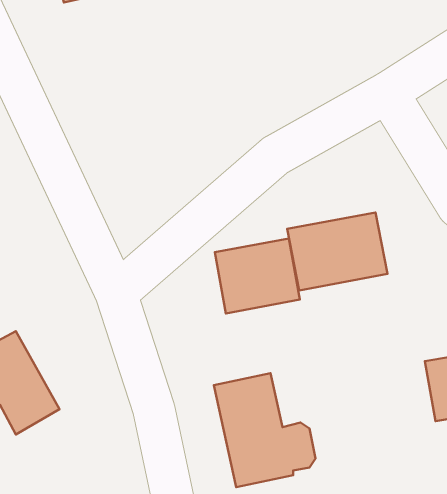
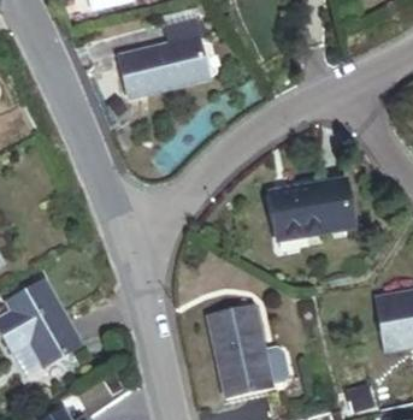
building: none -> [119,25,205,97]
building: [215,238,300,313] -> none

